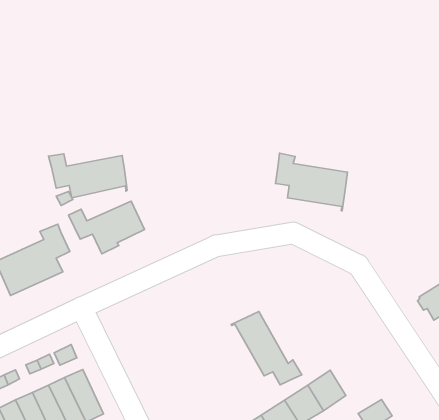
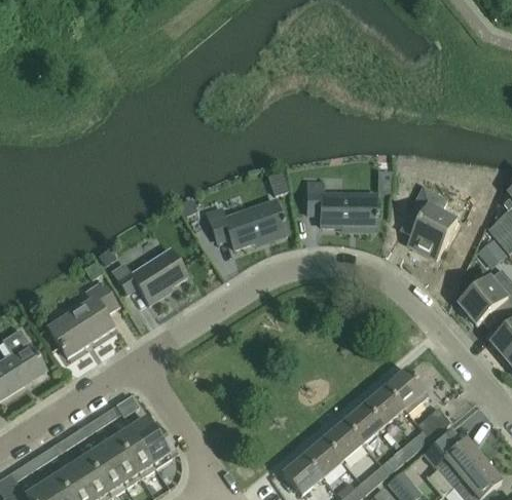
building: [49,154,127,198] -> [206,201,286,248]
building: none -> [408,187,458,259]
building: [231,312,302,385] -> none
building: none -> [383,369,427,413]

